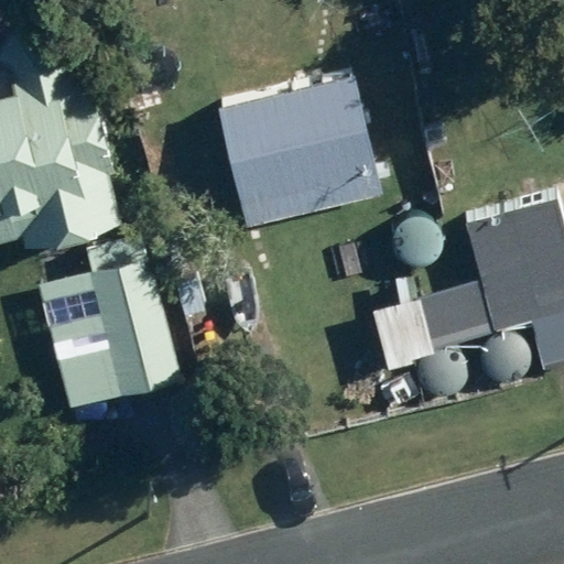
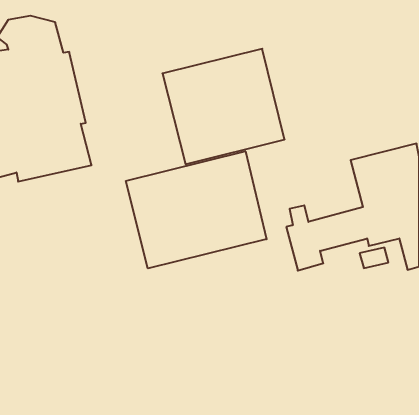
building: none -> [126,151,267,268]
building: [34,236,183,413] -> none

